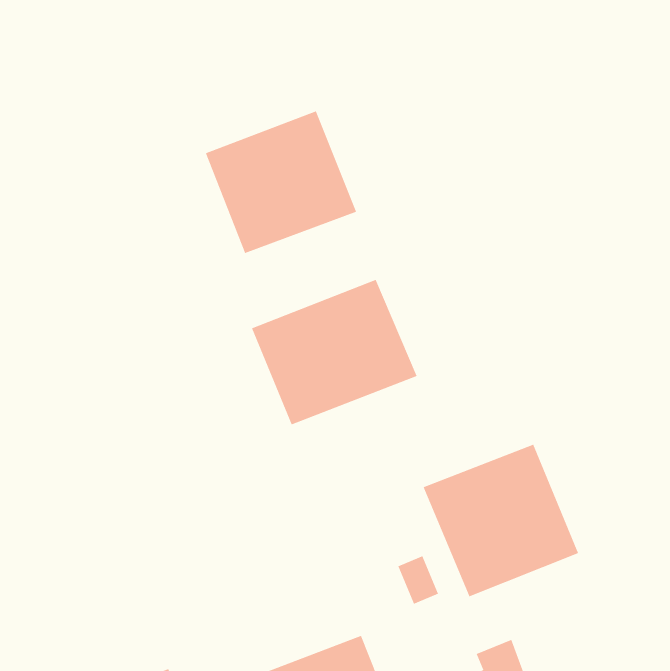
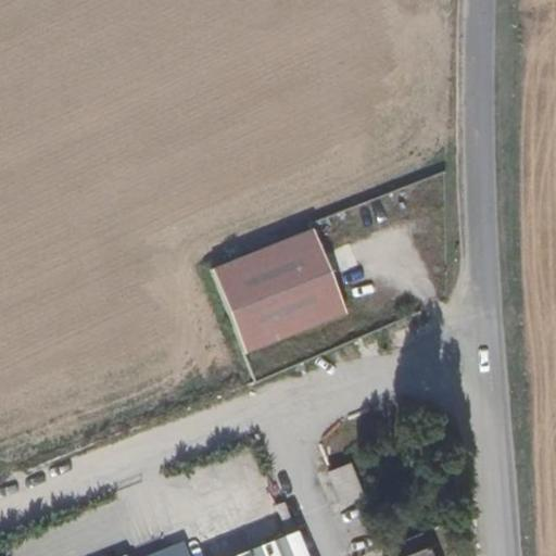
building: [205,110,357,254] -> none
building: [423,444,579,597] -> none

